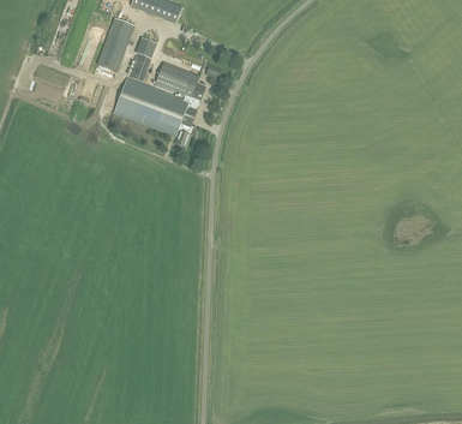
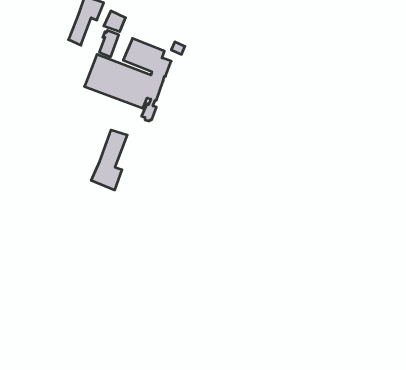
building: none -> [91,130,127,190]

